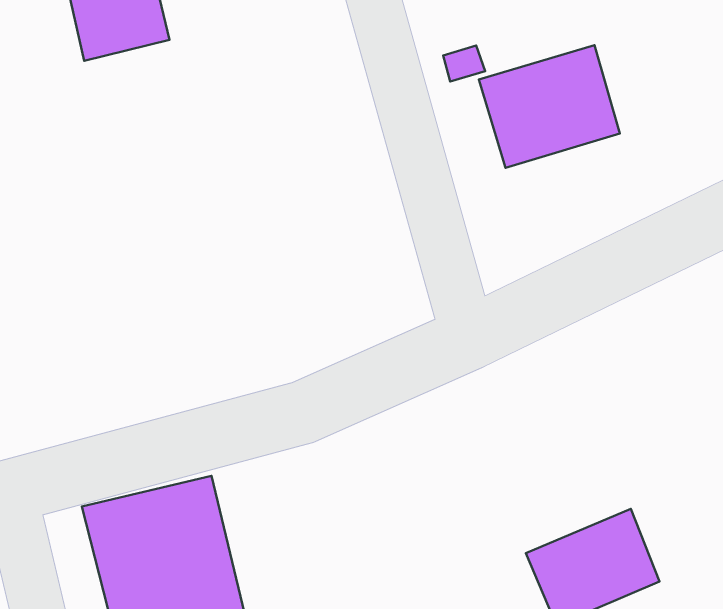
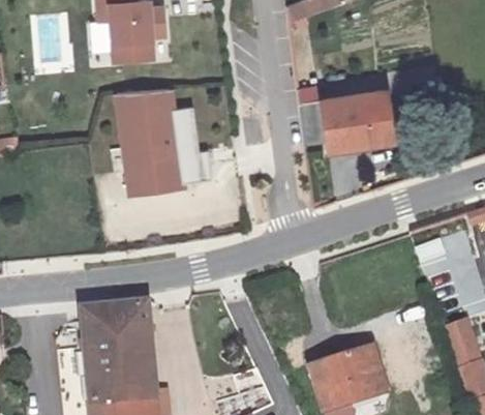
building: none -> [116,90,211,198]

